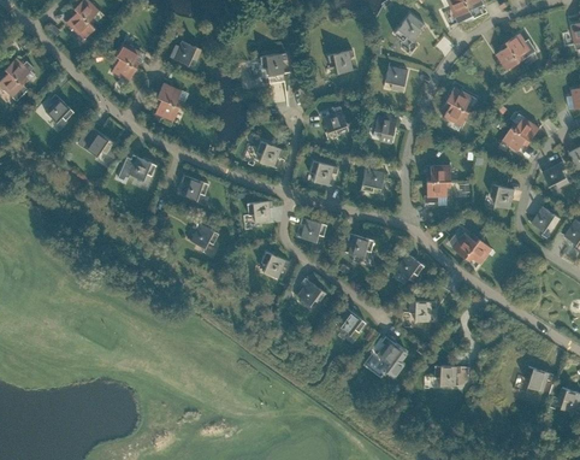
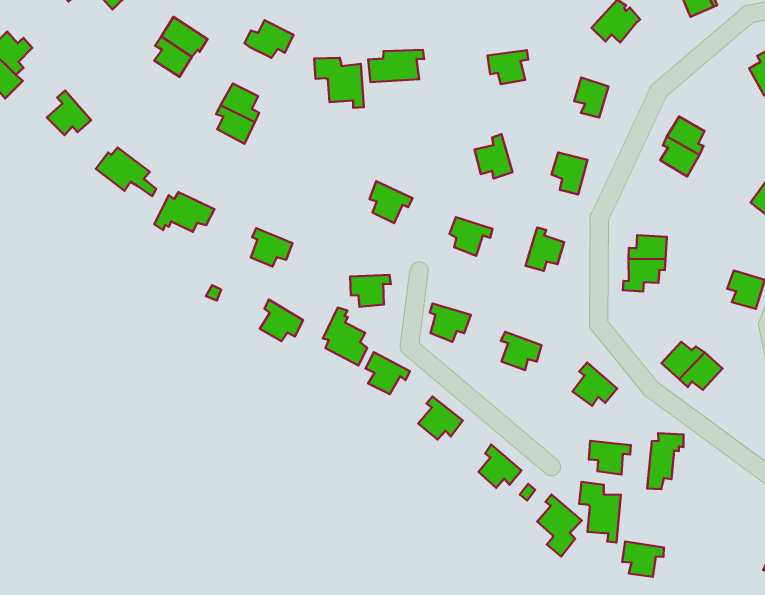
building: none -> [314,58,364,108]
building: none -> [323,307,367,365]
building: none -> [647,433,683,489]
building: none -> [579,482,621,543]

